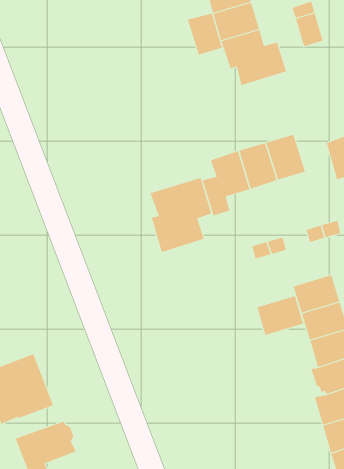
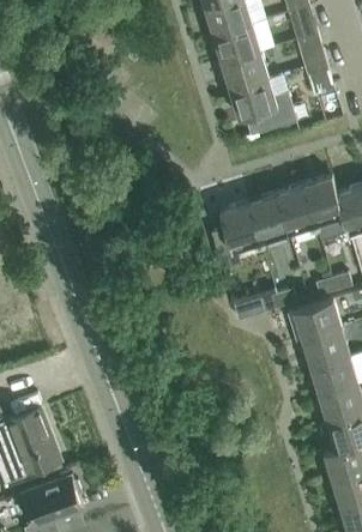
building: [187,13,223,56] -> none
building: none -> [303,175,346,240]
building: [150,177,212,253] -> none
building: [257,295,304,335] -> [294,298,342,339]

